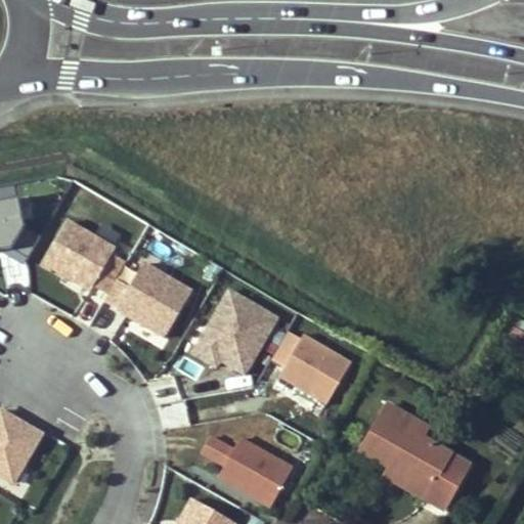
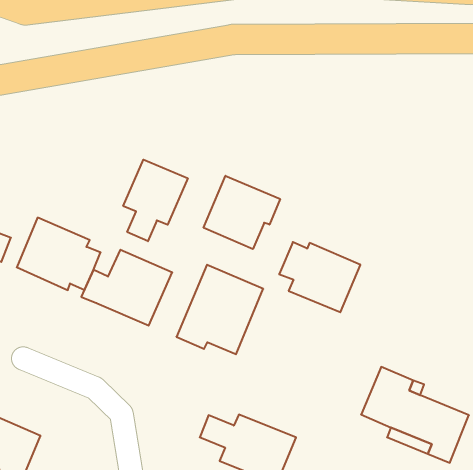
building: none -> [123,160,188,241]
building: none -> [204,176,280,249]
building: [270,330,351,404] -> [279,242,360,312]

